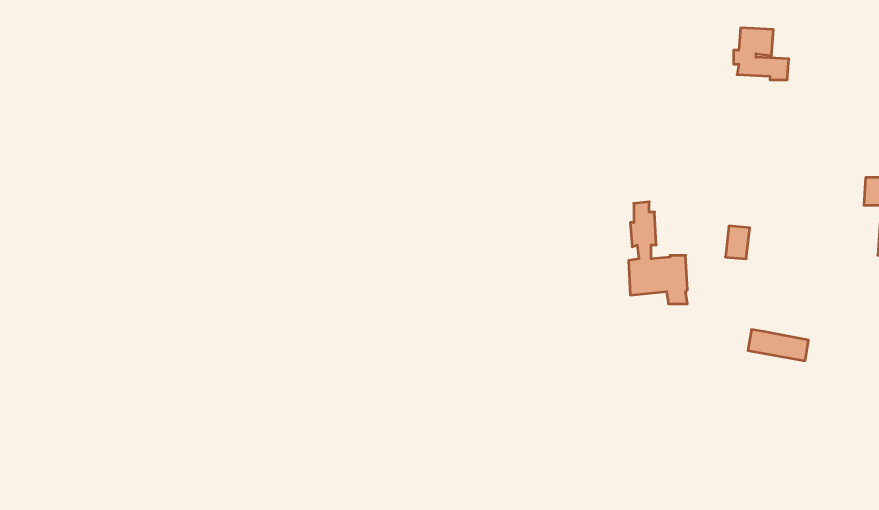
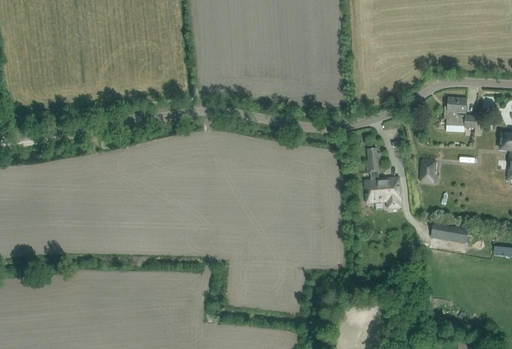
building: [734,28,789,80] -> [443,98,475,128]

